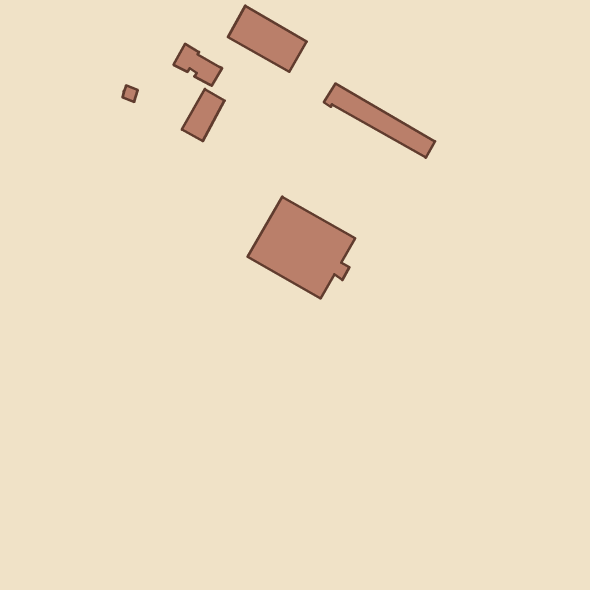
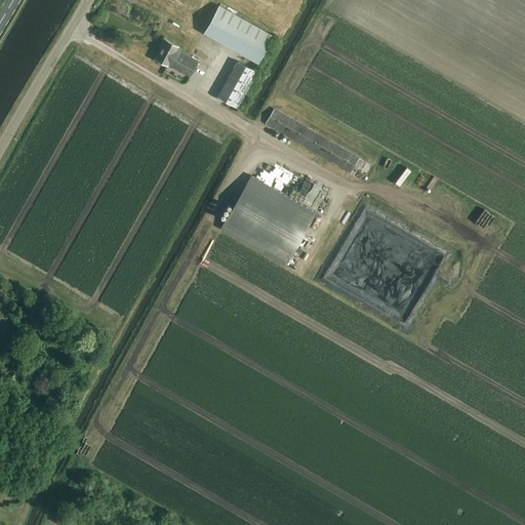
building: [324,84,435,158] -> [262,108,361,173]
building: [182,89,225,141] -> [217,60,255,107]

